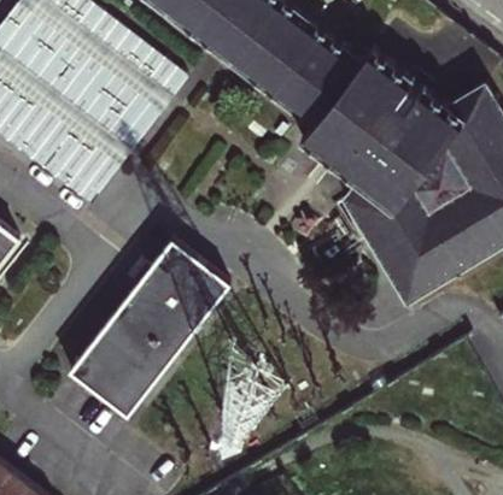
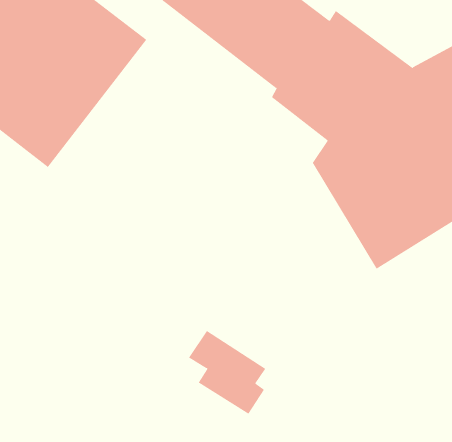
building: [71,241,230,417] -> none

